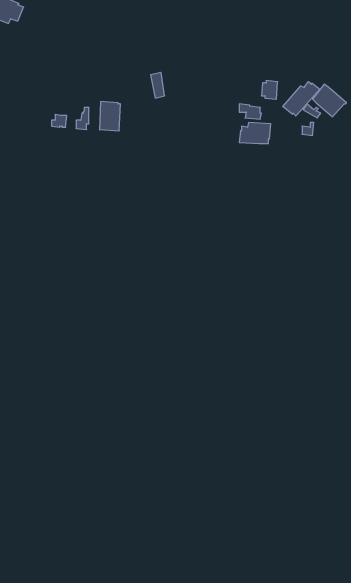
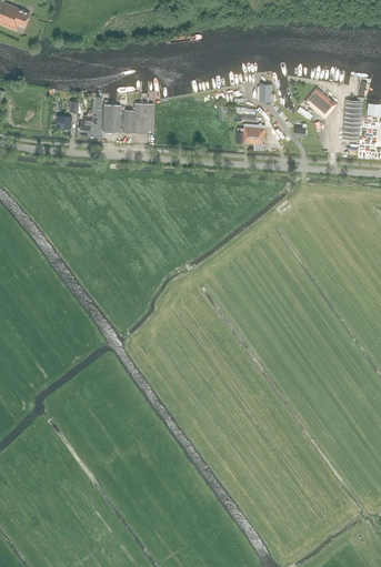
building: [283,82,320,116] -> none
building: none -> [121,103,153,133]

